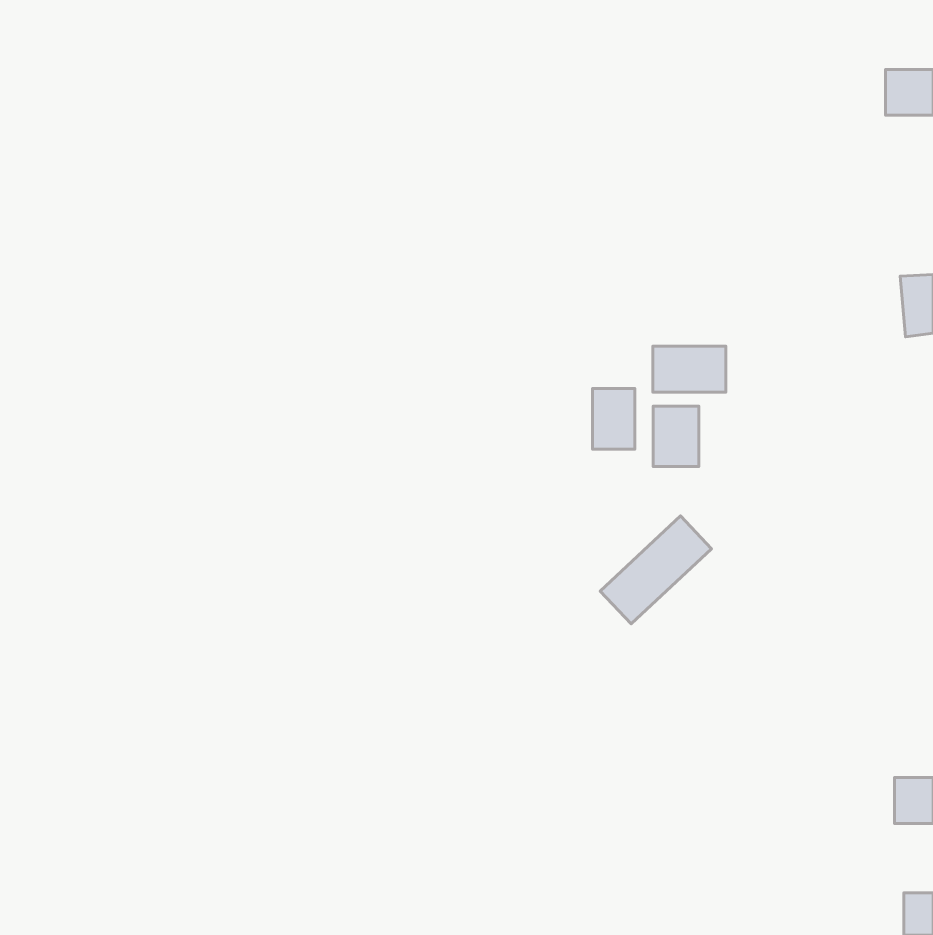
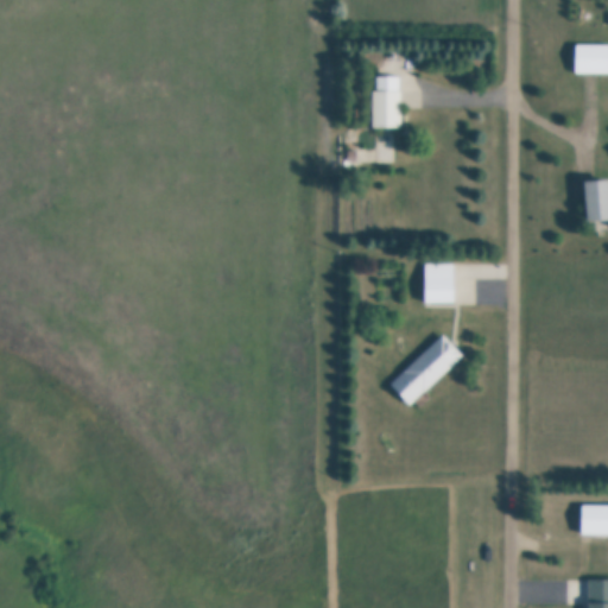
building: none -> [372,76,400,128]
building: [653,346,726,392] -> none
building: [592,389,635,449] -> none

